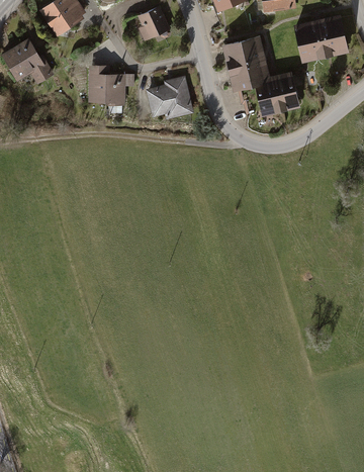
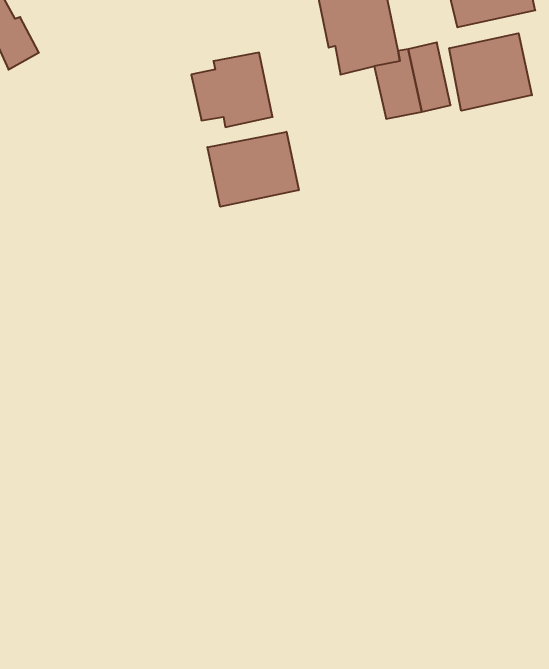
building: [87,64,132,105] -> none
building: none -> [449,33,532,111]
building: none -> [207,132,299,207]

